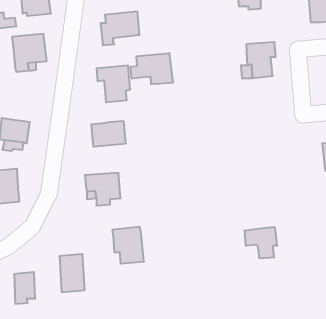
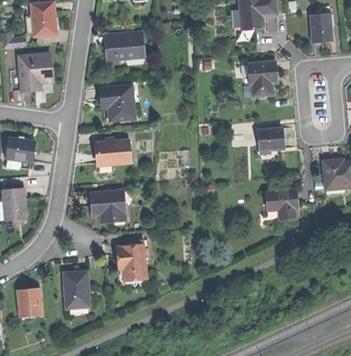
building: [130,53,173,84] -> none
building: none -> [259,128,284,149]
building: [244,228,277,258] -> [266,190,298,220]

